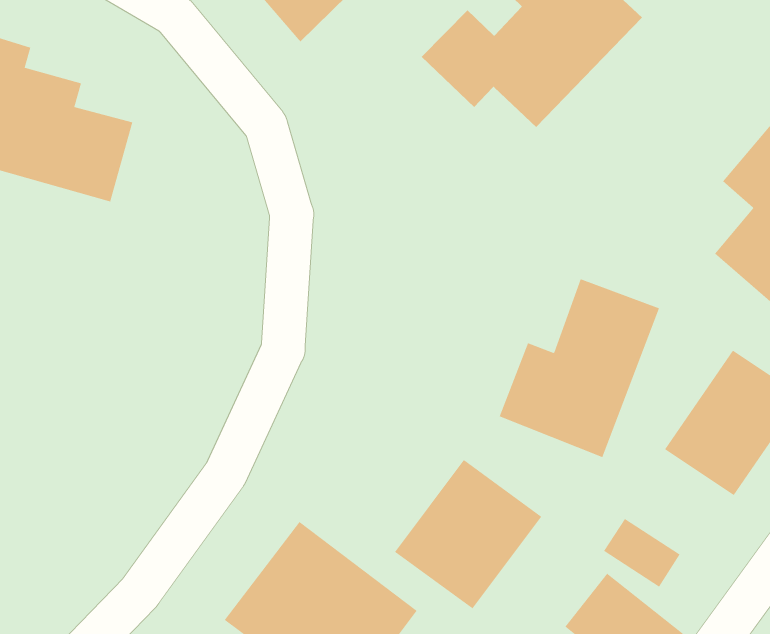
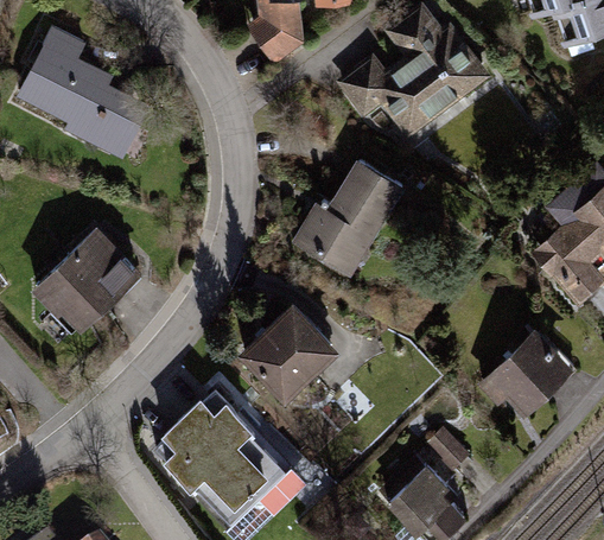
building: [499,279,660,458] -> [286,158,407,282]
building: none -> [33,228,140,333]
building: [394,459,542,609] -> [236,298,341,401]

